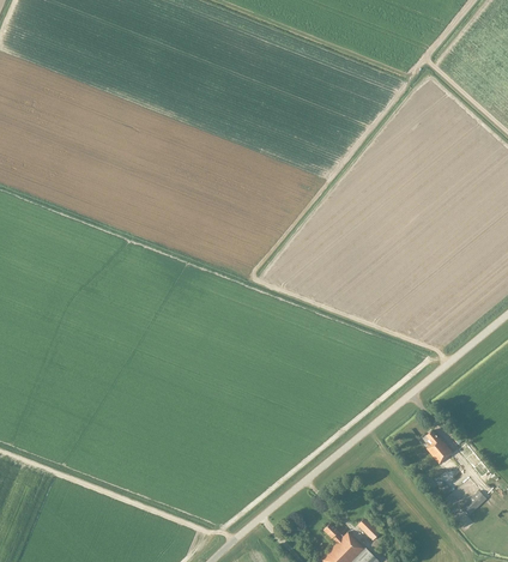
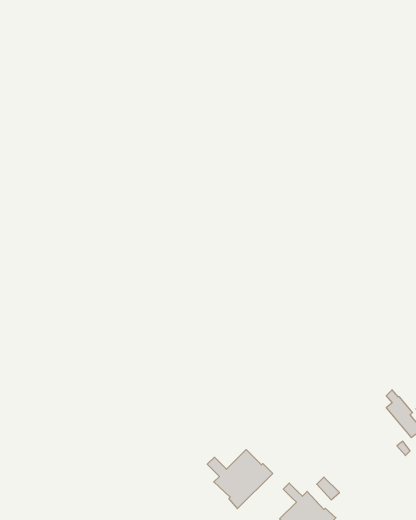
building: none -> [207,450,273,509]

